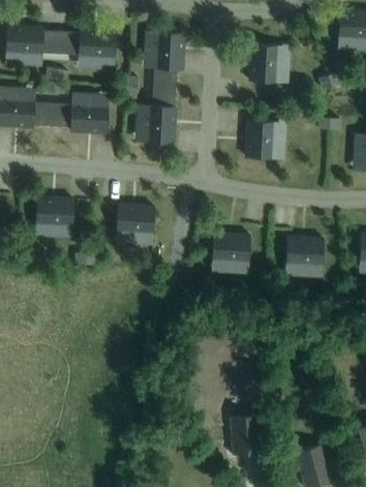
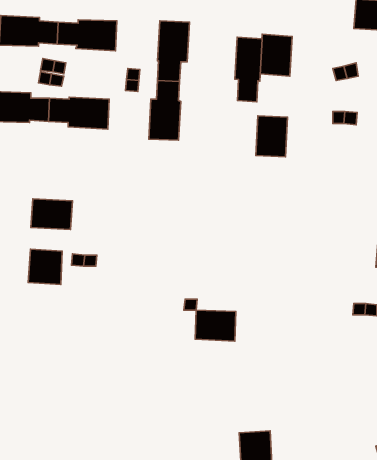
building: none -> [235,37,262,102]
building: [116,207,154,236] -> none
building: [212,236,250,265] -> [195,310,236,341]
building: [285,239,324,269] -> none
building: none -> [28,249,62,284]

